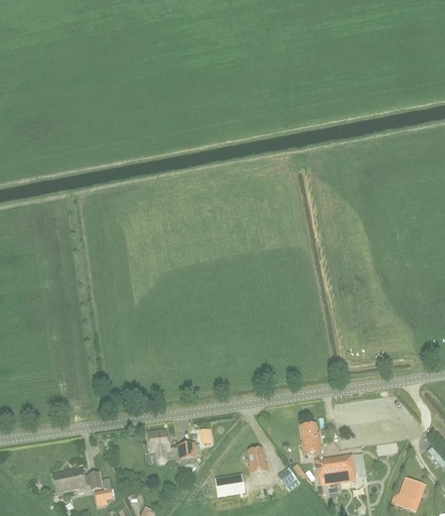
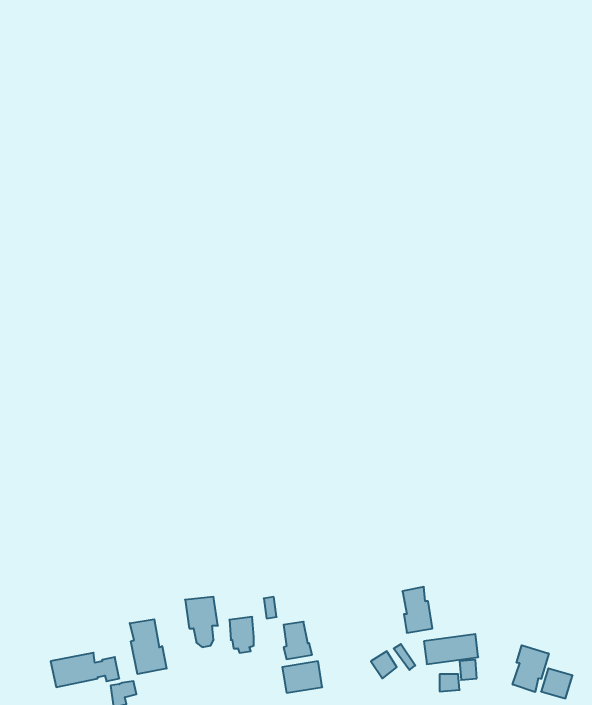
building: none -> [130,619,167,674]
building: [248,446,268,473] -> [284,622,312,659]
building: none -> [513,645,549,692]

